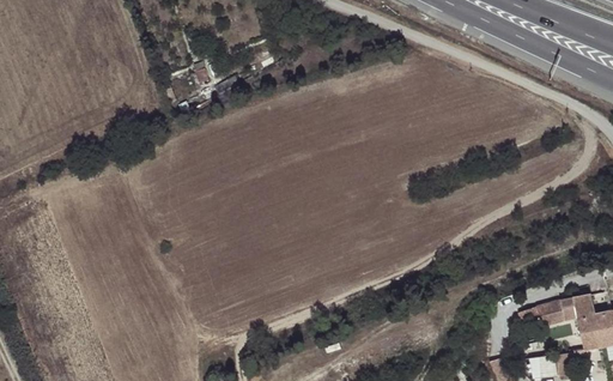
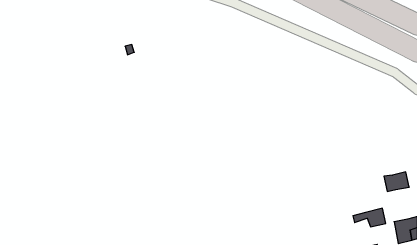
building: [562,294,597,321] -> [384,172,409,191]

